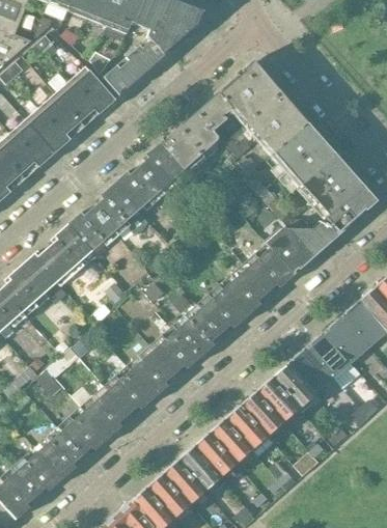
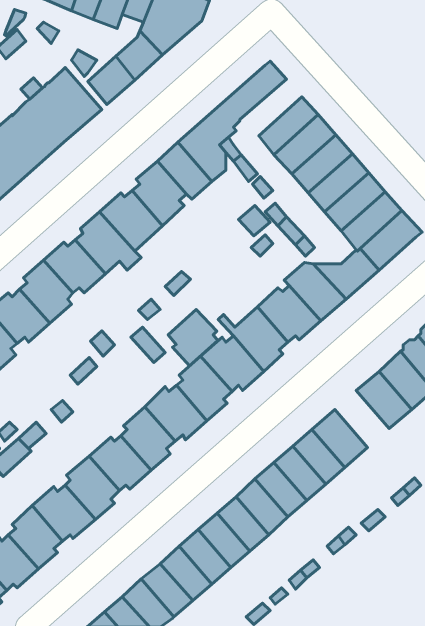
building: [229,75,280,121] -> none
building: none -> [168,309,218,366]
building: [307,330,352,377] -> none

